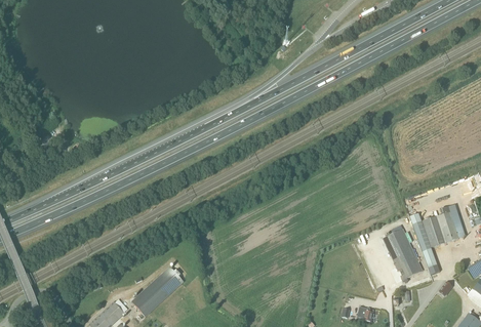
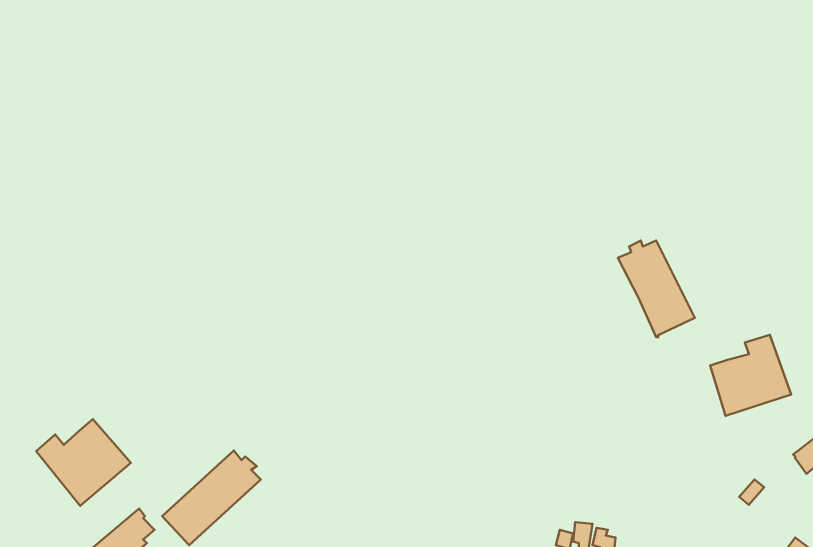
building: [383,229,424,280] -> [618,241,695,337]
building: none -> [36,419,131,506]

